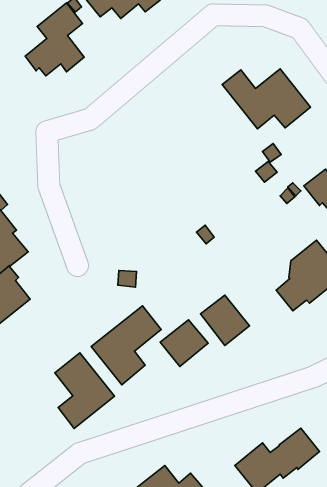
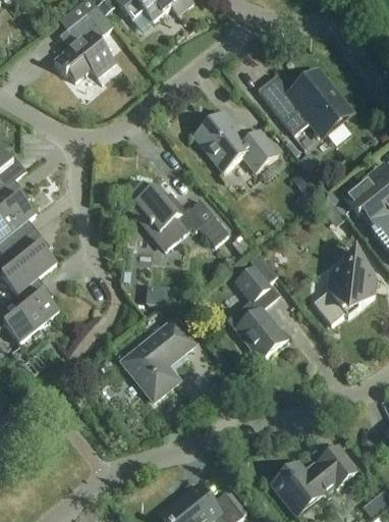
building: none -> [193,111,278,170]
building: none -> [125,180,228,249]
building: none -> [235,265,272,302]
building: [160,320,208,367] -> none
building: [55,353,115,428] -> none

